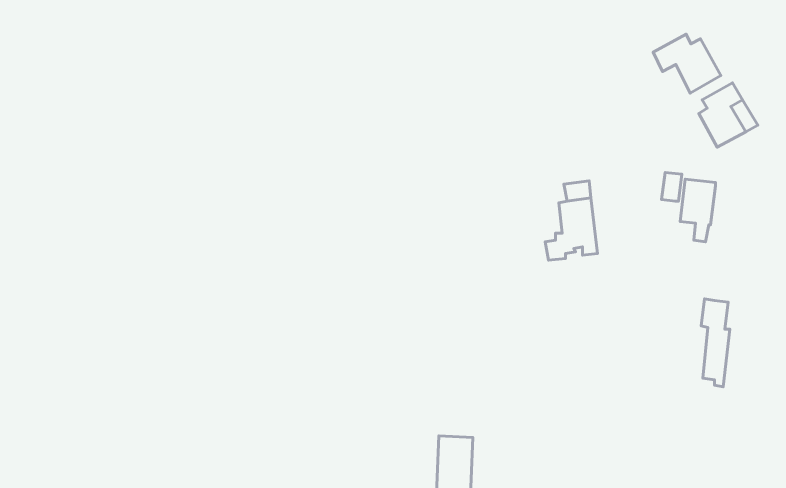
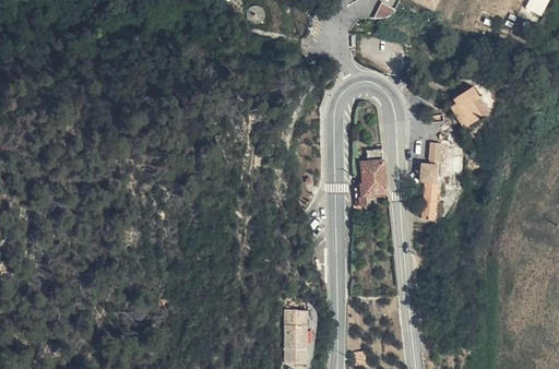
building: [653,34,721,93] -> none
building: [701,299,730,387] -> [419,162,438,218]

